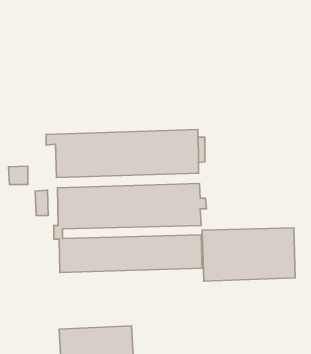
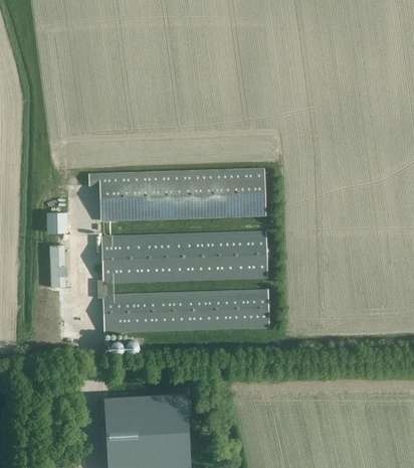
building: [35,190,48,216] -> [50,257,65,286]
building: [202,228,295,281] -> none

